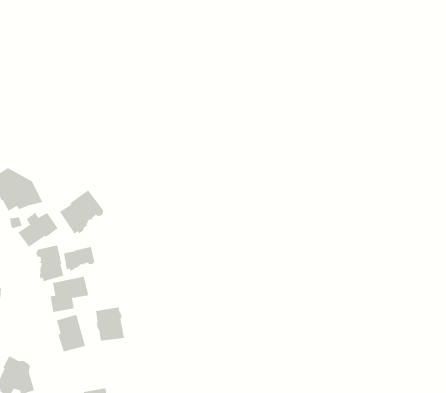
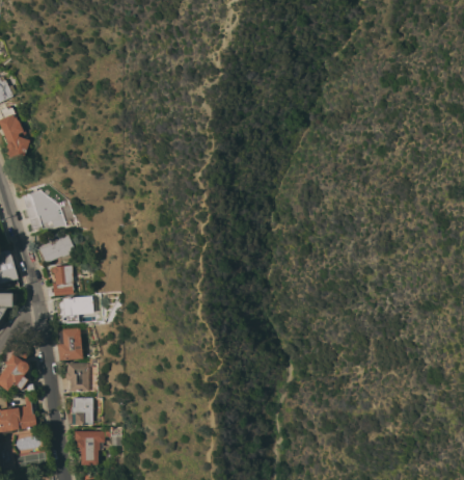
building: [59,189,104,235] -> none
building: [63,246,95,271] -> none
building: [95,307,125,341] -> [66,363,90,391]

